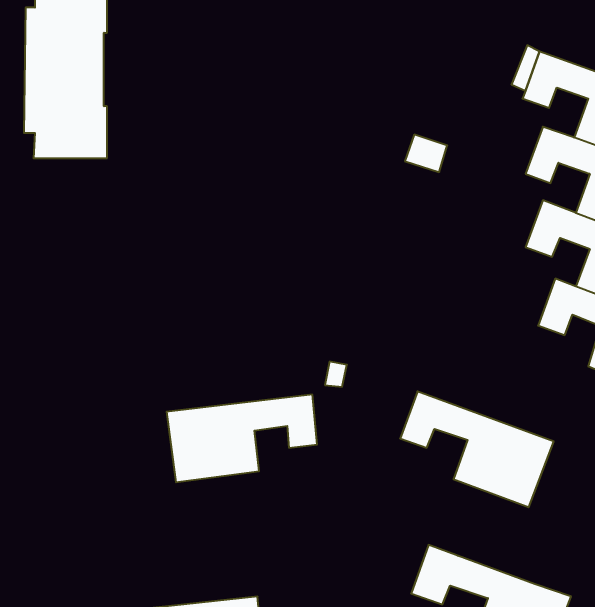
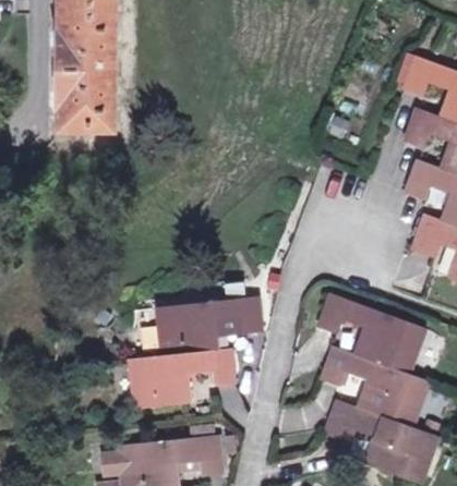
building: none -> [323,347,430,427]
building: none -> [130,348,234,409]

